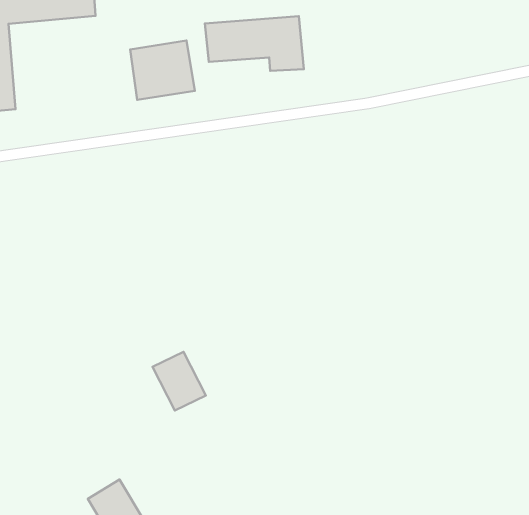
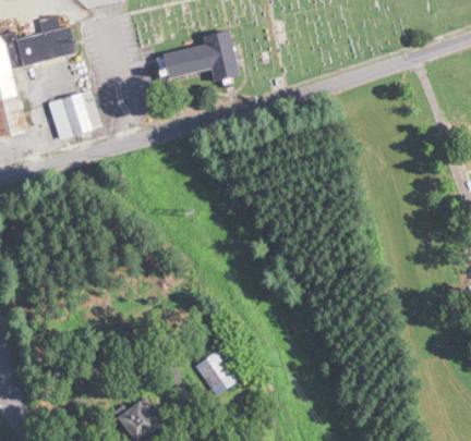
building: [130,40,195,100] -> [49,89,101,138]
building: [153,352,206,410] -> [193,351,235,395]

